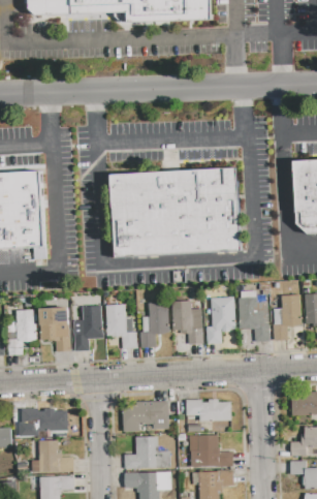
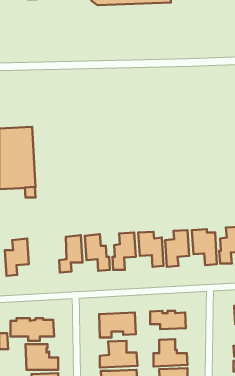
building: [112,167,243,257] -> none
building: [39,307,70,351] -> none

